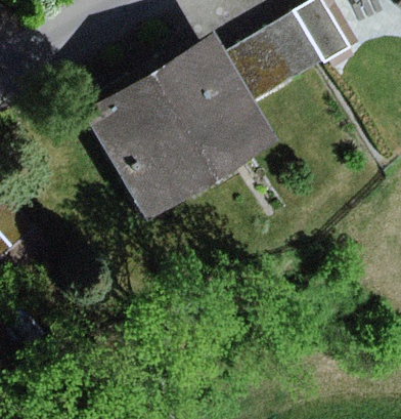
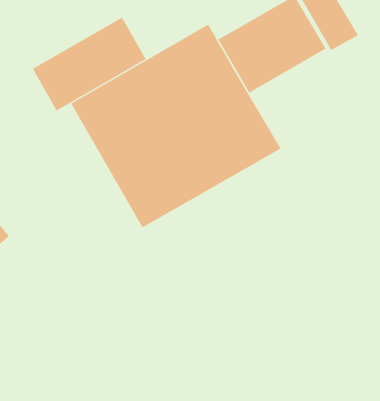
building: none -> [32,17,147,111]

